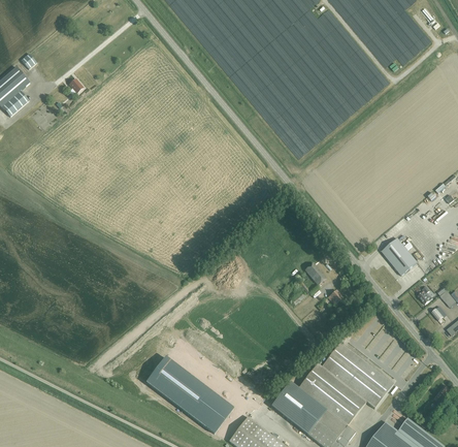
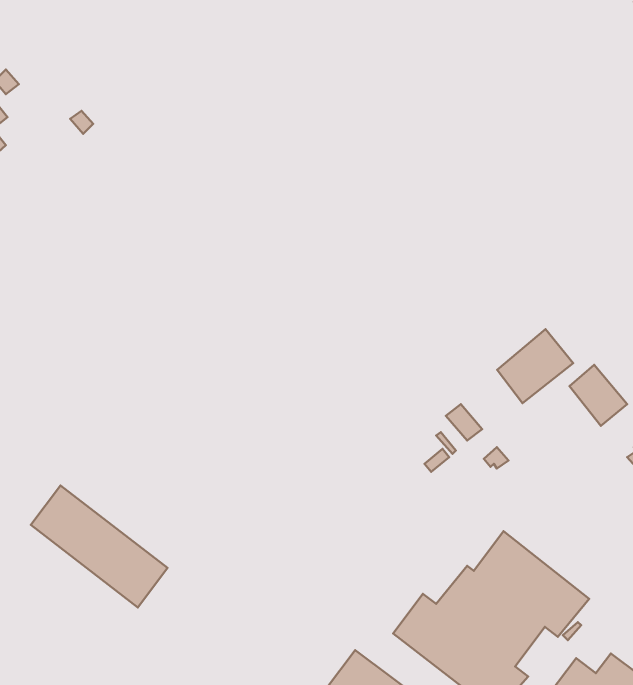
building: none -> [497,329,573,403]
building: [148,356,233,433] -> [31,485,168,607]

